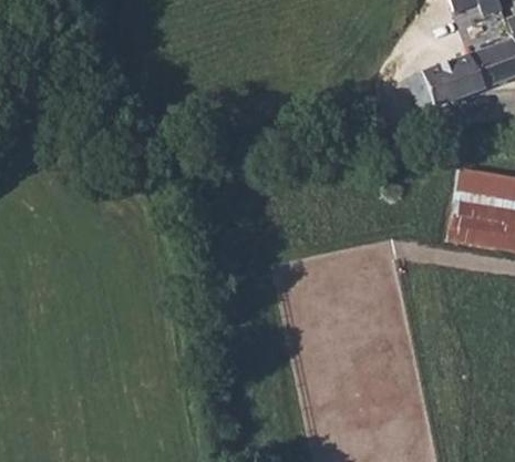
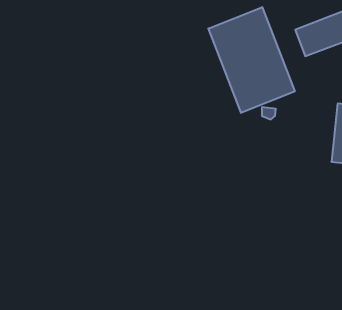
building: none -> [208,7,295,113]

